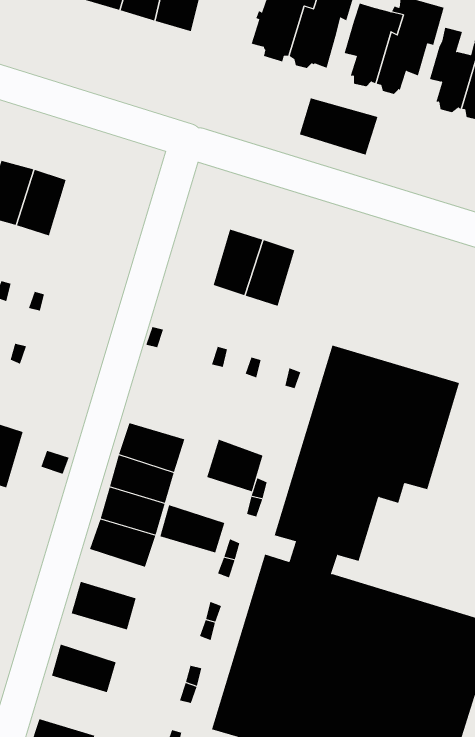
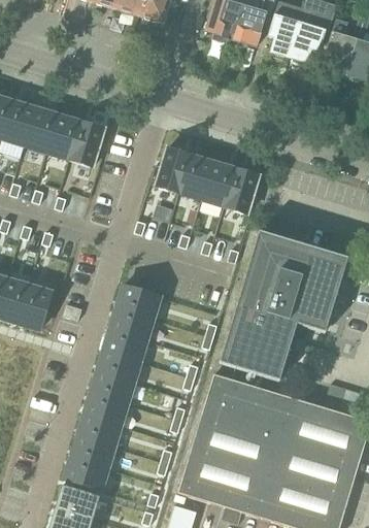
building: [299,98,378,155] -> none
building: none -> [69,122,104,167]
building: none -> [156,147,191,193]
building: none -> [224,169,259,214]
building: [207,439,263,492] -> none
building: [159,504,225,553] -> [90,371,134,404]
building: none -> [76,415,122,448]
building: none -> [64,457,108,491]

